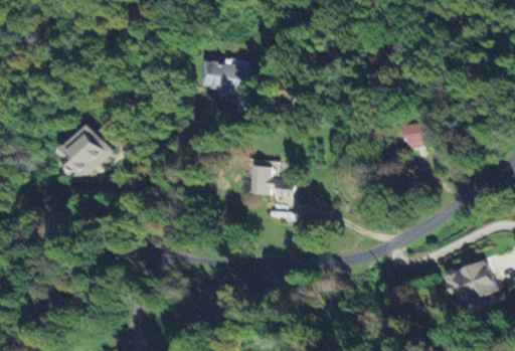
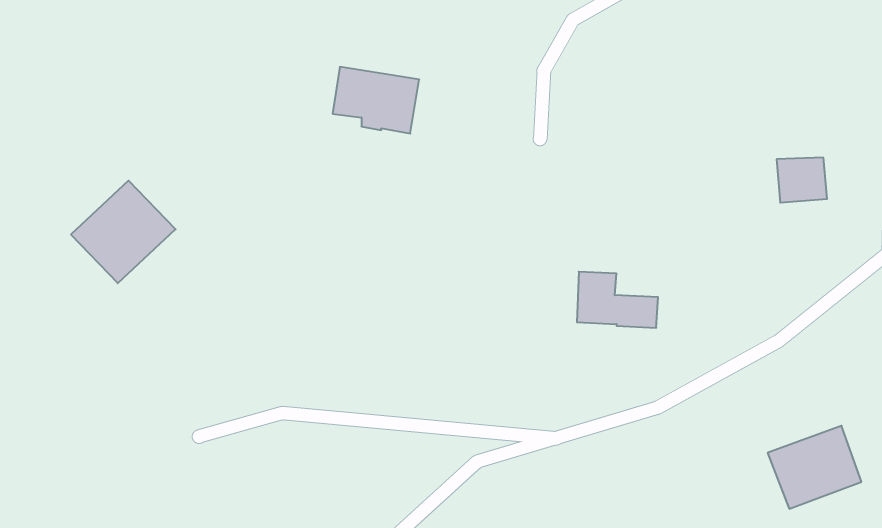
building: [406,122,435,147] -> [777,158,827,203]
building: [249,165,295,196] -> [577,272,658,328]

